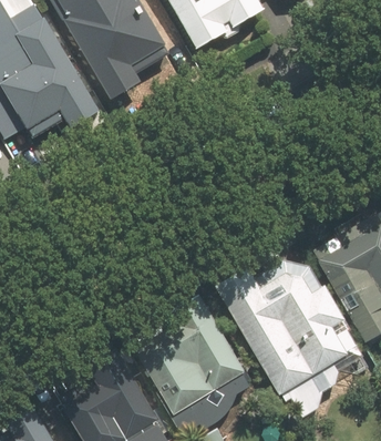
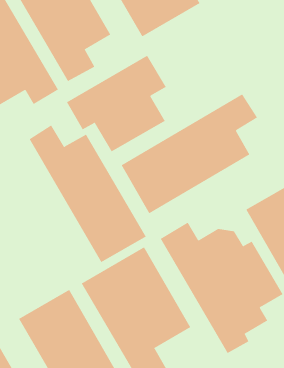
building: none -> [66,55,167,152]
building: none -> [121,93,258,214]
building: none -> [29,125,146,263]

